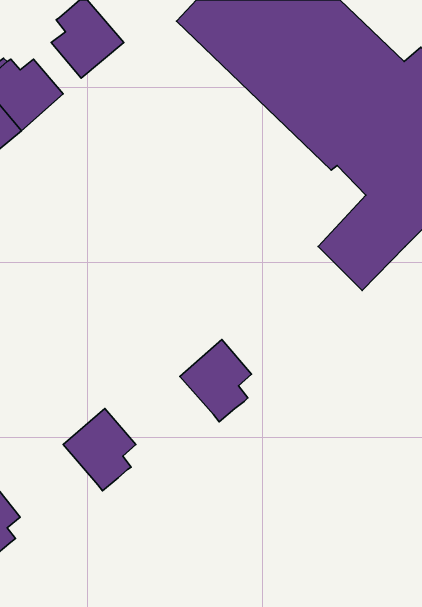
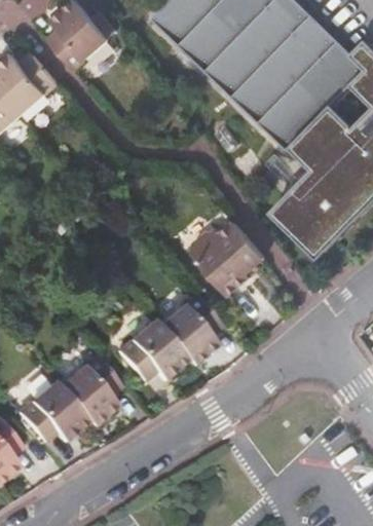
building: none -> [185,220,269,295]
building: none -> [117,320,187,381]
building: none -> [16,379,87,441]

